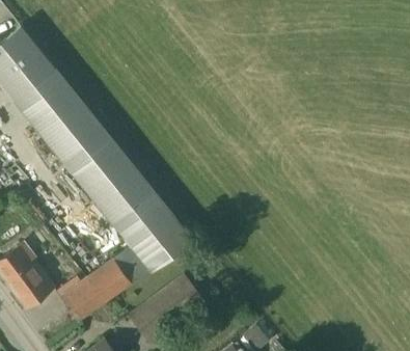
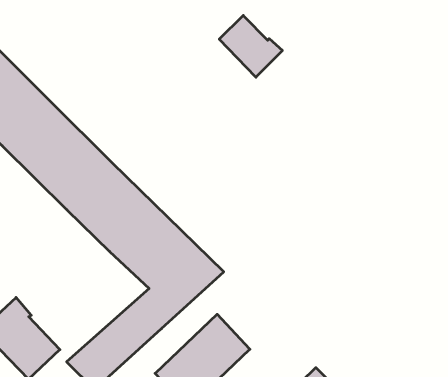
building: none -> [219,15,282,77]

